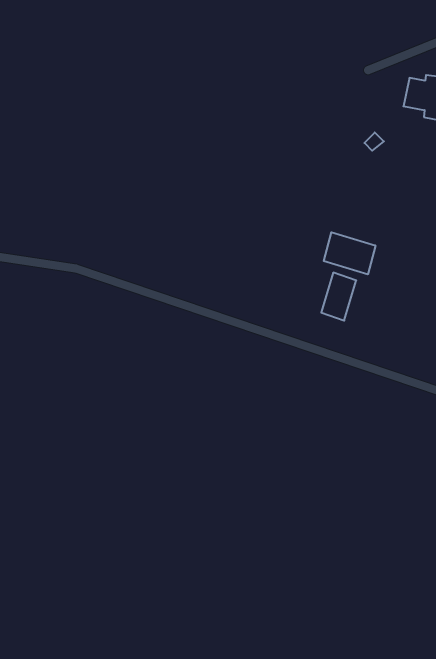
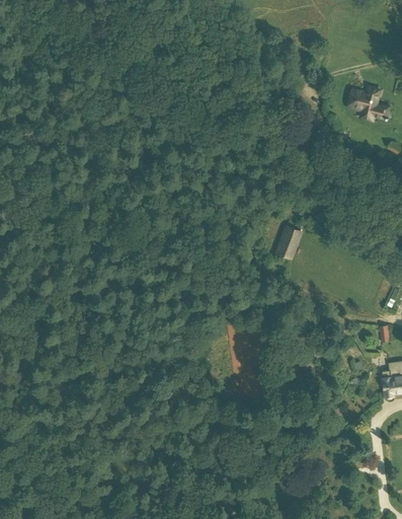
building: [324,232,375,274] -> none

